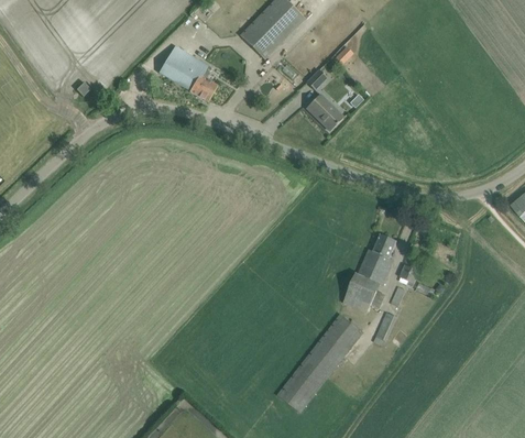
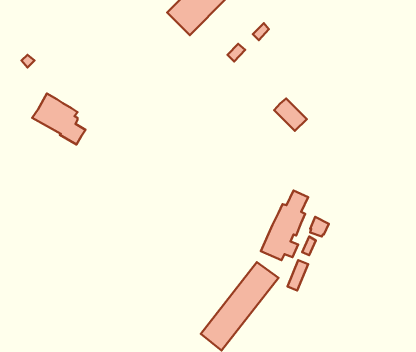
building: [157,44,217,101] -> [32,93,85,145]
building: [306,94,342,130] -> [274,98,307,131]

